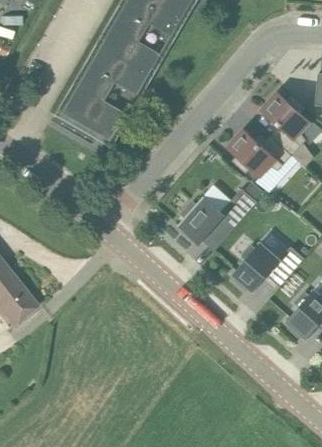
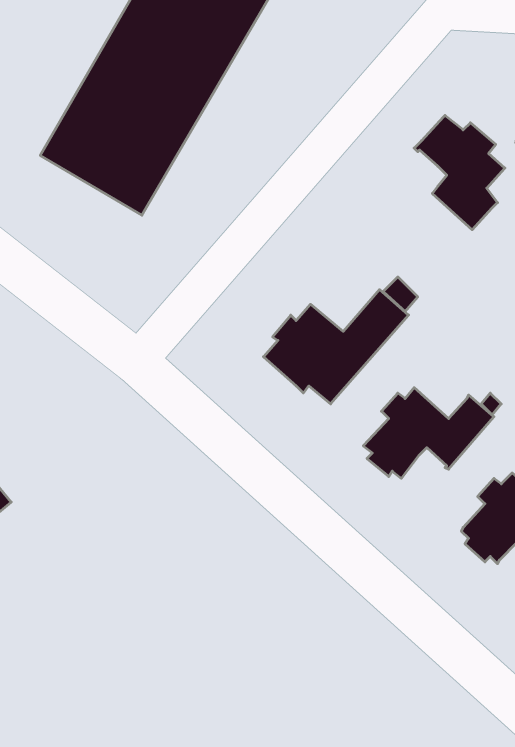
building: [228,128,293,177] -> none

